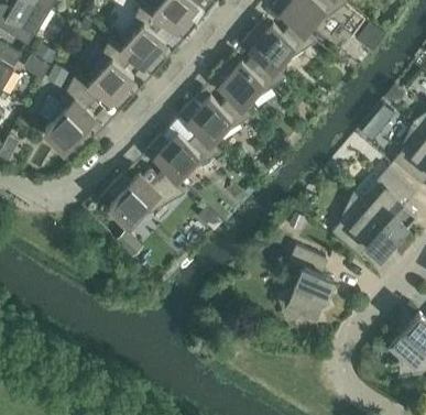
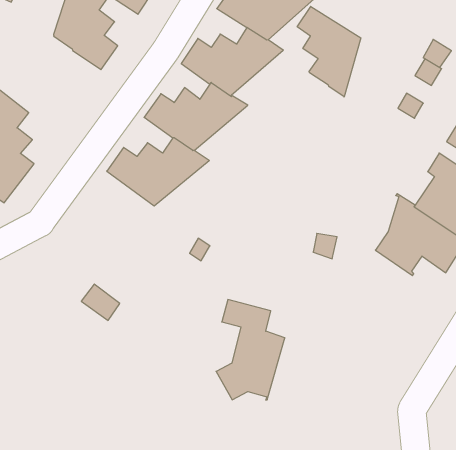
building: [88,36,134,111] -> none
building: none -> [297,6,361,97]
building: [107,167,185,223] -> none
building: [281,245,334,321] -> [216,300,285,400]

